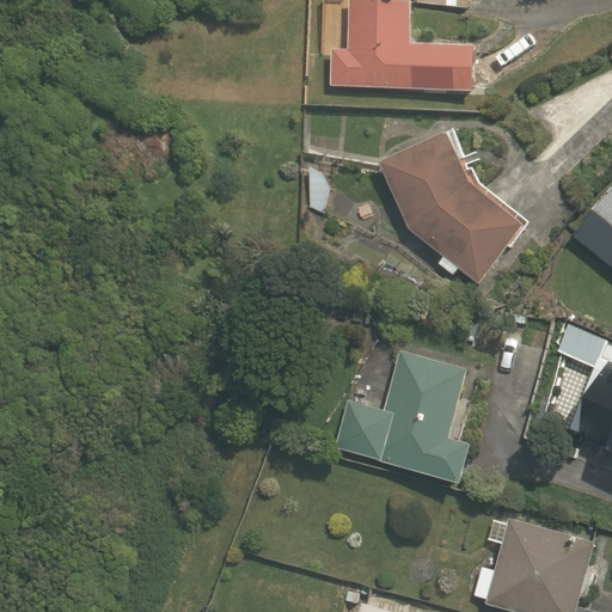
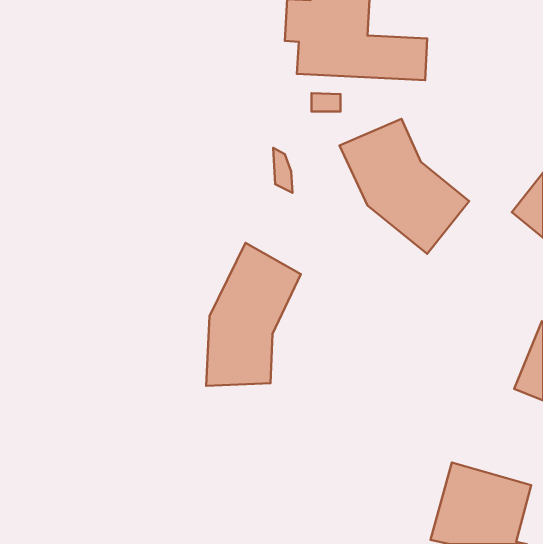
building: none -> [206,243,301,386]
building: [333,350,472,483] -> none

